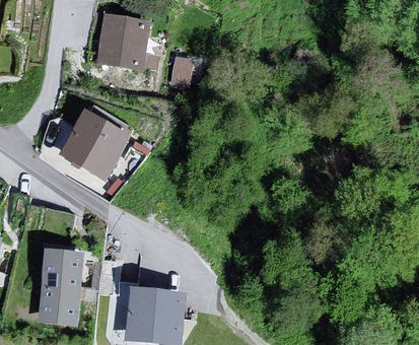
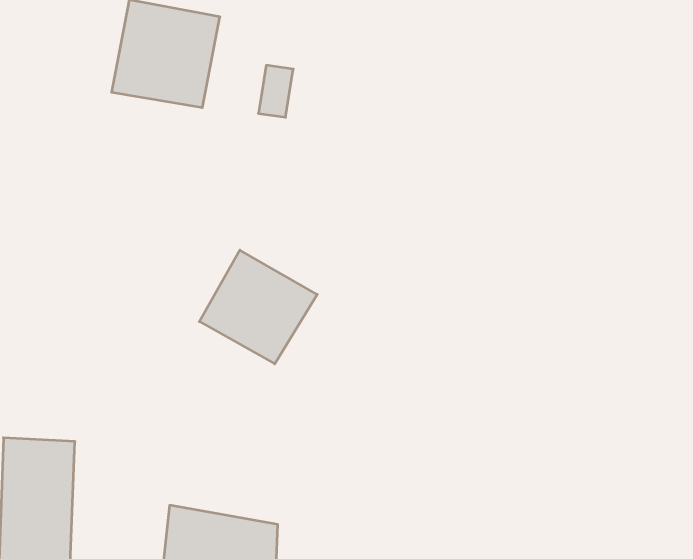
building: [68,119,130,179] -> [199,250,317,364]

